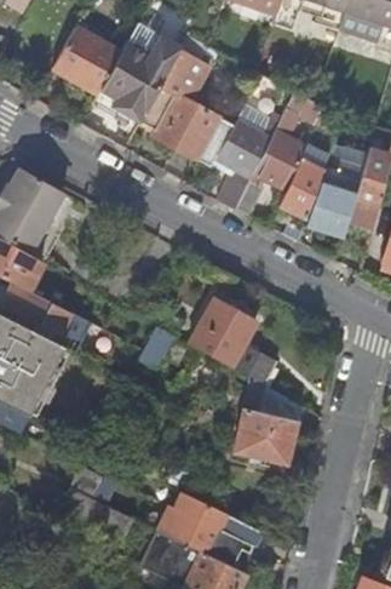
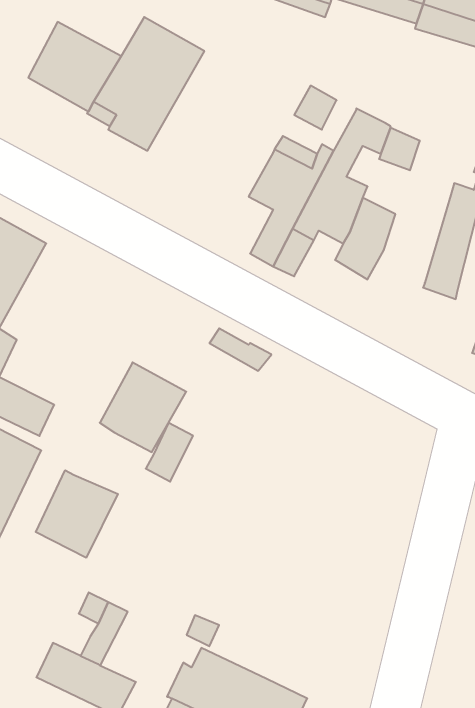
building: [142,48,235,166] -> none
building: [305,145,367,236] -> none
building: [192,299,257,366] -> [100,362,186,452]
building: none -> [36,470,118,558]
building: [234,378,301,463] -> none

